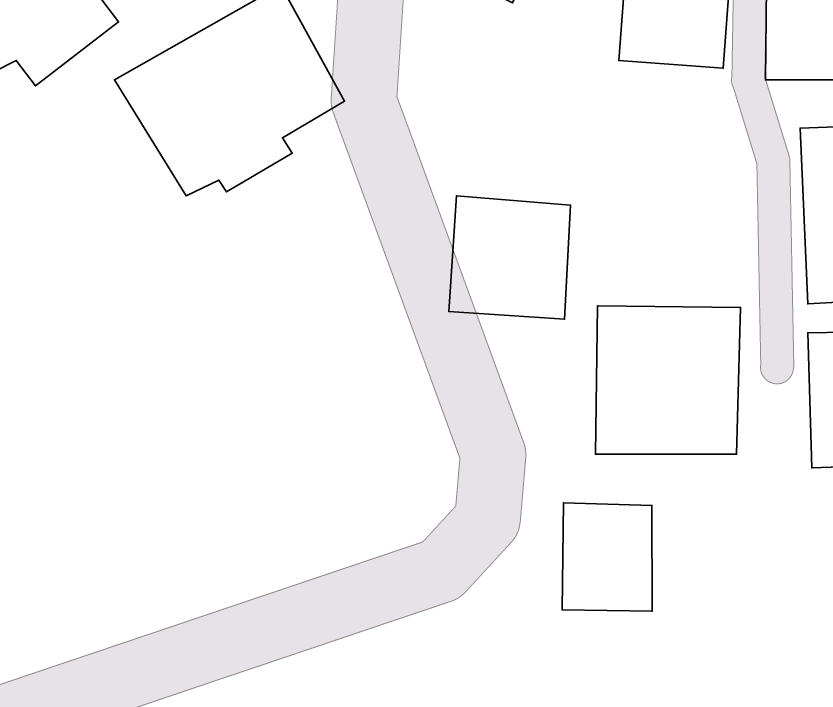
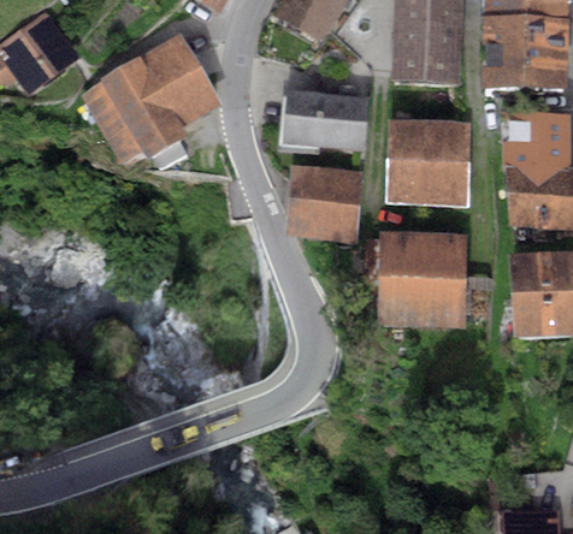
building: none -> [279,90,367,153]
building: none -> [388,120,469,204]
building: [562,503,652,611] -> none

